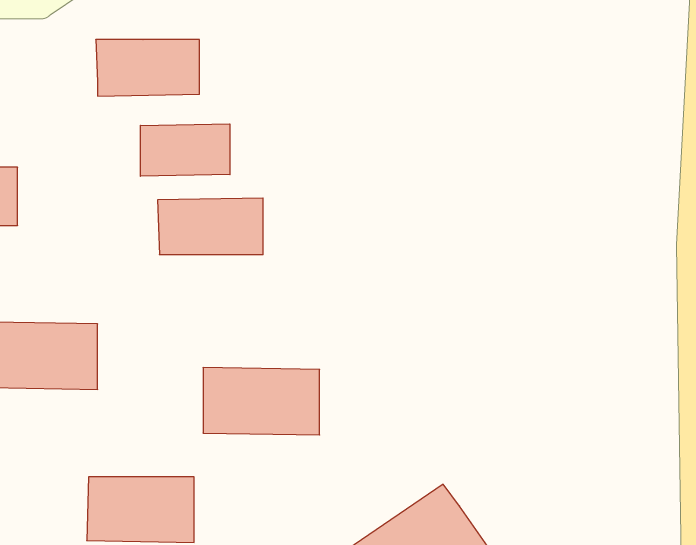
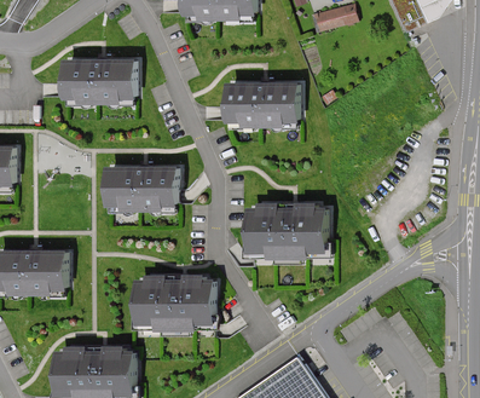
building: none -> [230,83,300,122]
building: [140,124,230,176] -> none
building: none -> [249,208,330,252]

